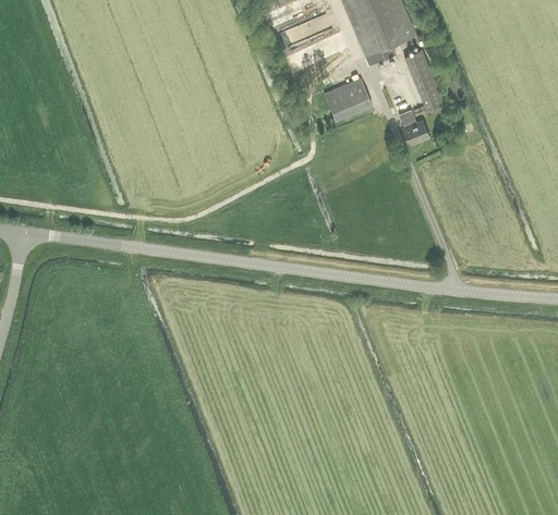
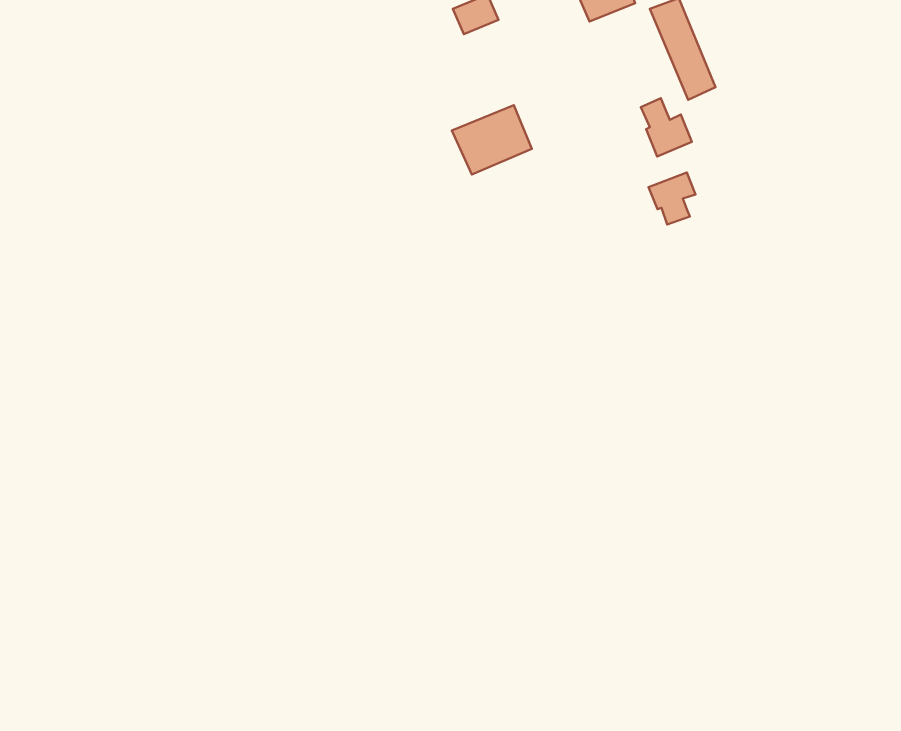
building: [323,75,371,117] -> [452,105,532,174]
building: none -> [649,173,696,225]

